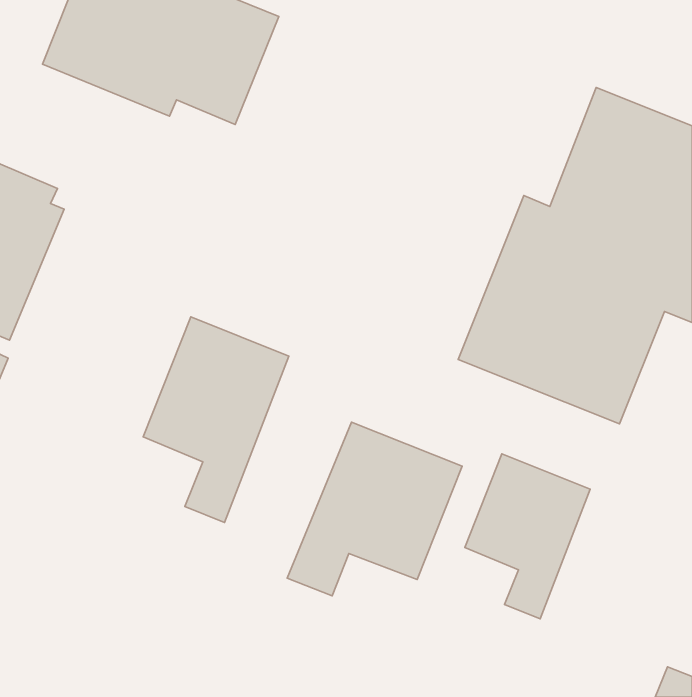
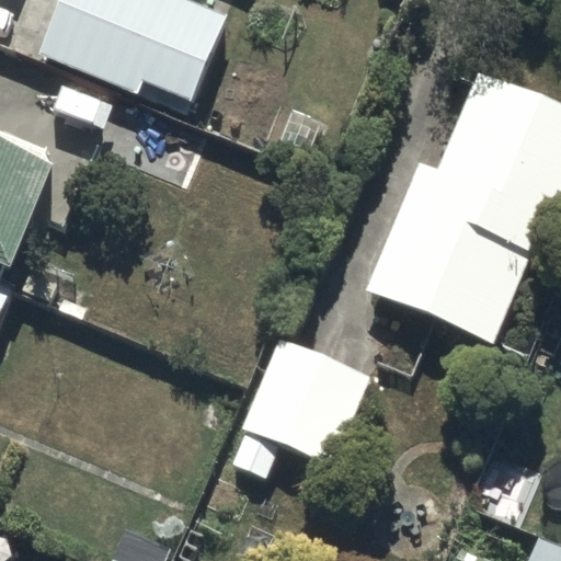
building: [143,317,289,522] -> none
building: [465,454,590,619] -> none

